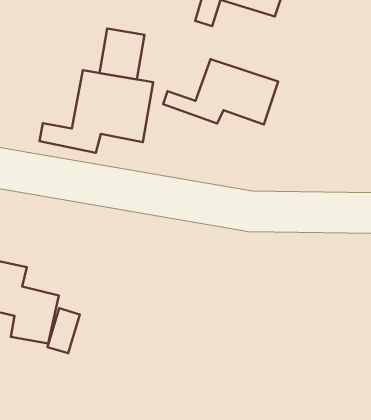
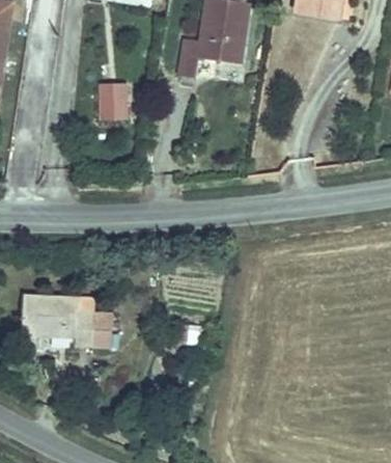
building: [163,59,278,125] -> none
building: [39,70,153,153] -> none

